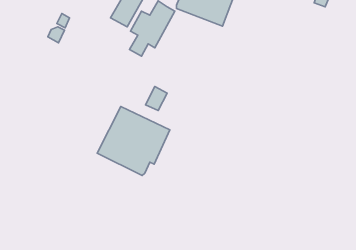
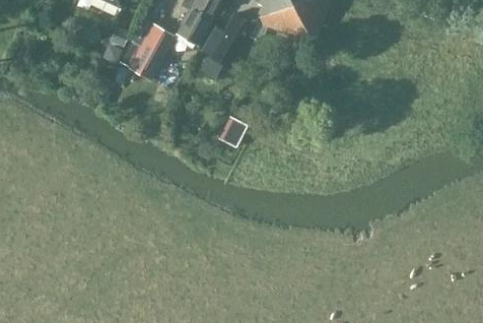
building: none -> [120,23,175,79]
building: [97,106,170,176] -> none

